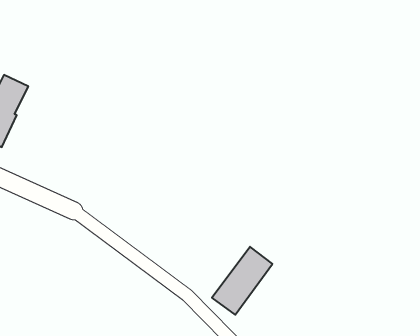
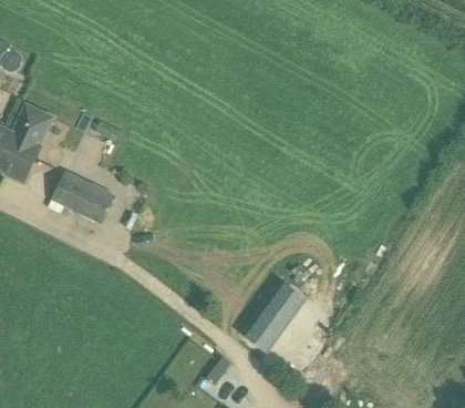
building: none -> [52,172,114,223]

